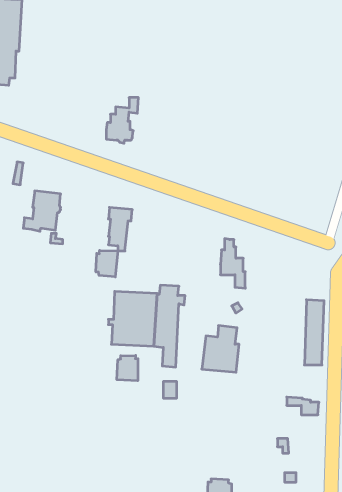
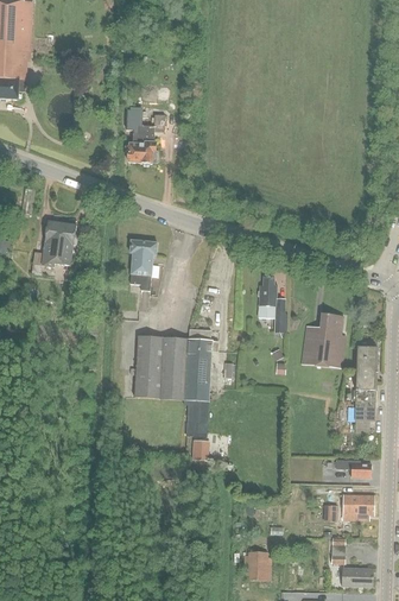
building: [96,250,118,277] -> none
building: [202,326,239,372] -> [303,312,346,366]
building: [117,355,138,381] -> none
building: none -> [342,493,374,519]

